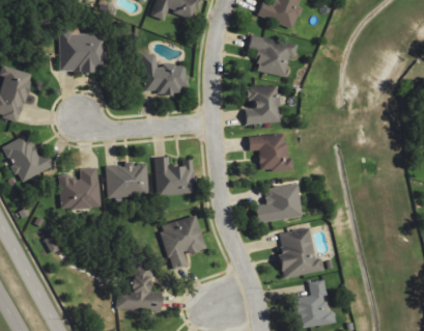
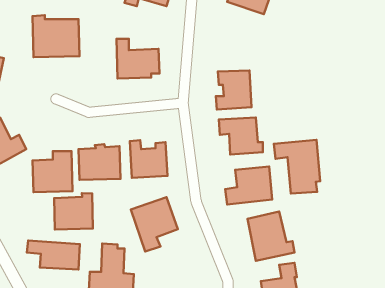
building: [246,35,296,76] -> none
building: none -> [274,140,320,194]
building: none -> [54,193,93,230]
building: none -> [27,240,80,270]

